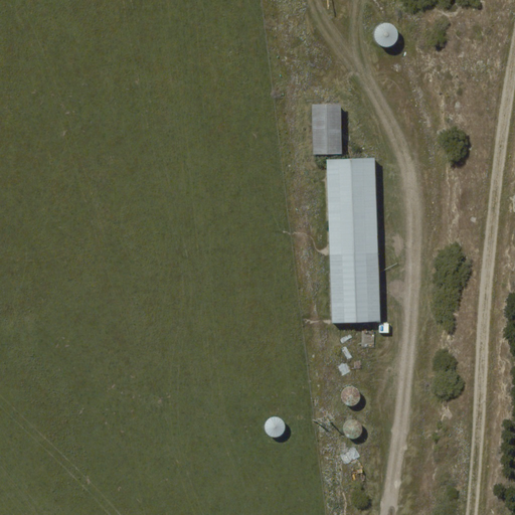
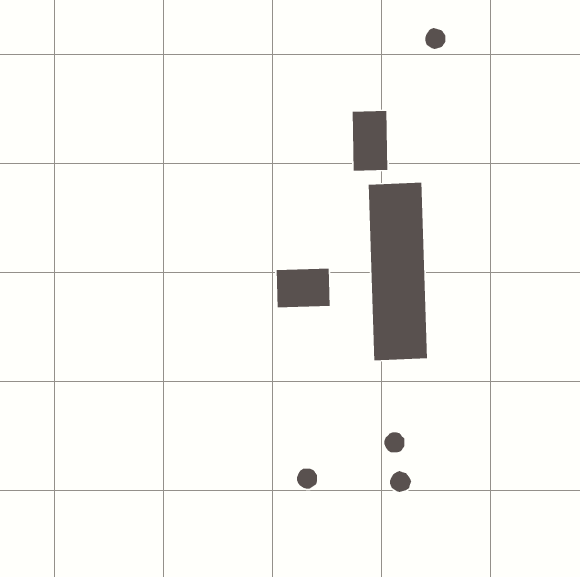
building: none -> [276,268,330,308]

